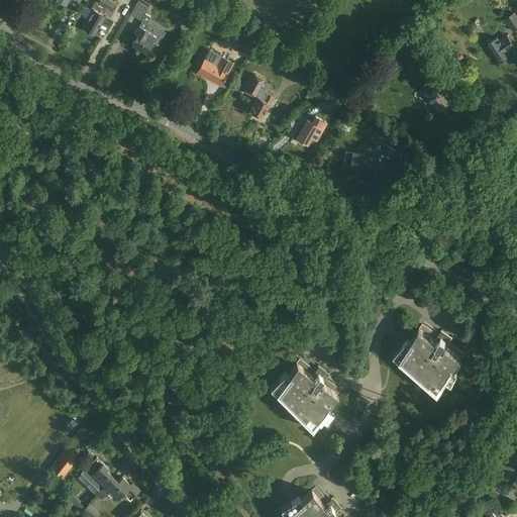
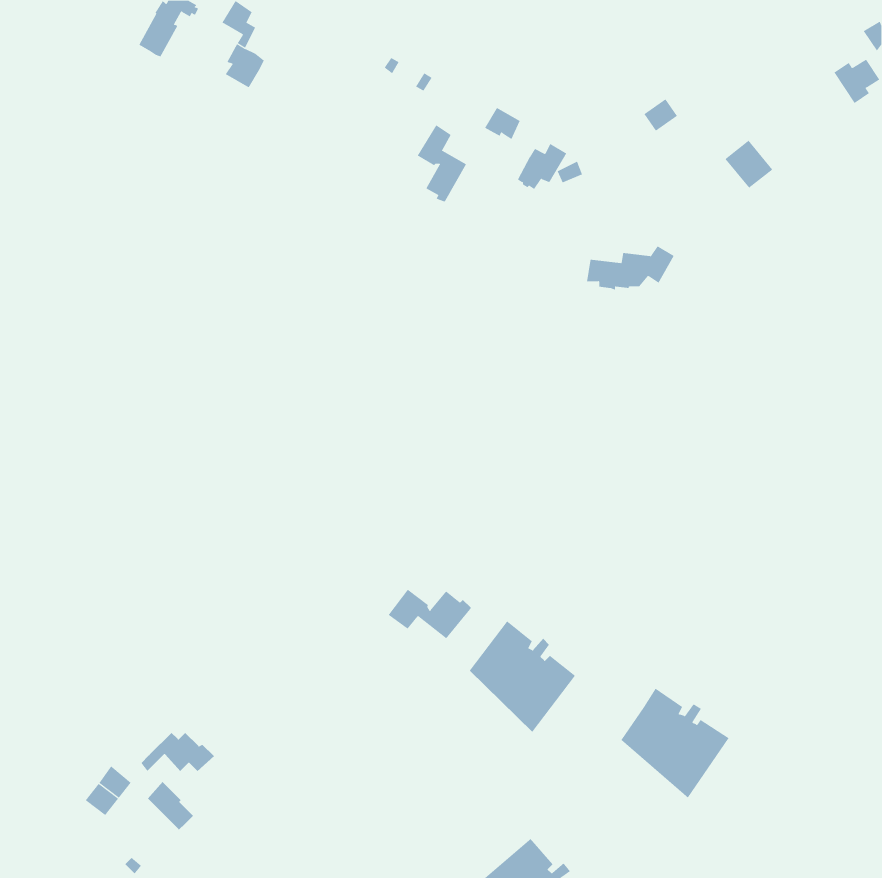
building: [198,56,232,88] -> none
building: [296,119,325,146] -> [517,143,567,190]
building: [398,331,461,396] -> [621,688,730,799]
building: none -> [388,589,471,639]
building: [95,480,138,503] -> [140,732,215,772]

